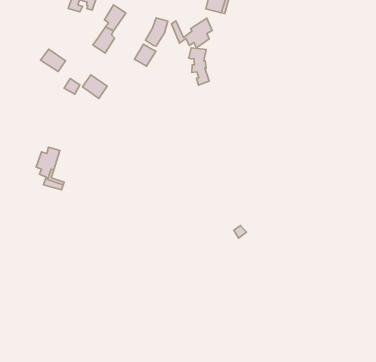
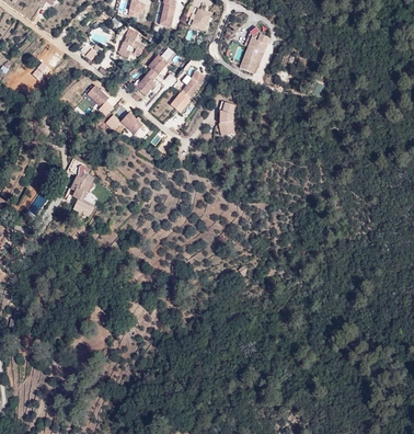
building: [171,18,212,48] -> none

